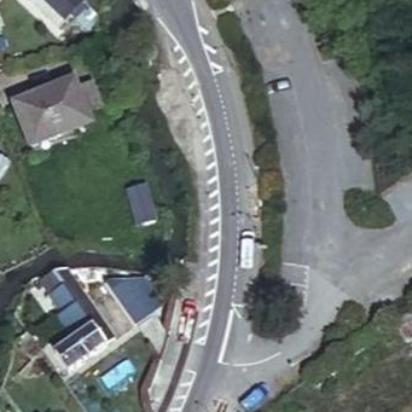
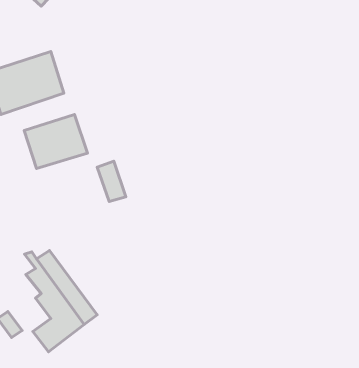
building: none -> [24,115,87,169]
building: [106,279,157,320] -> none

